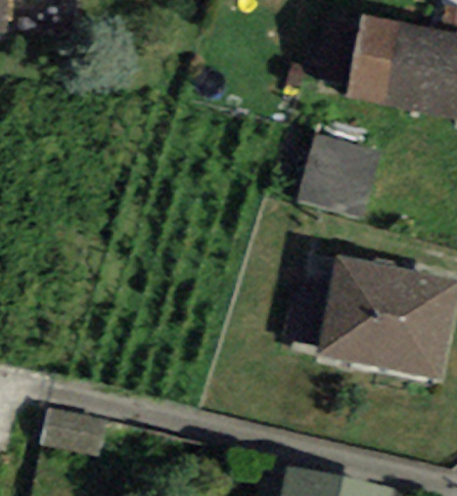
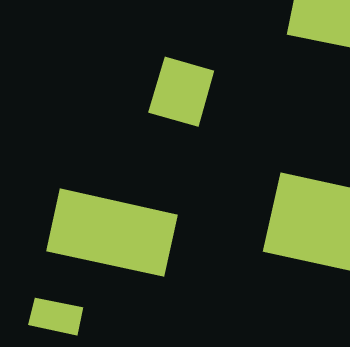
building: [295,132,377,218] -> [147,56,215,127]
building: none -> [45,187,178,278]

